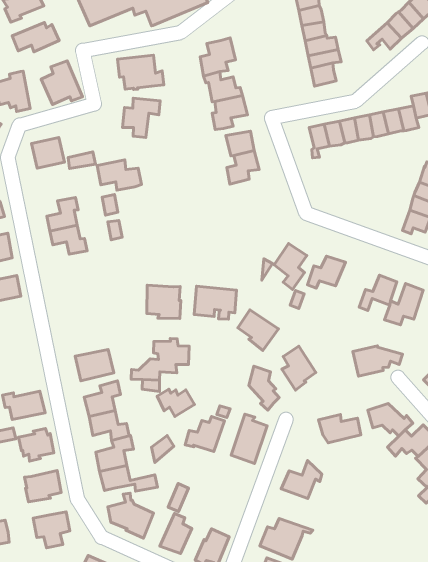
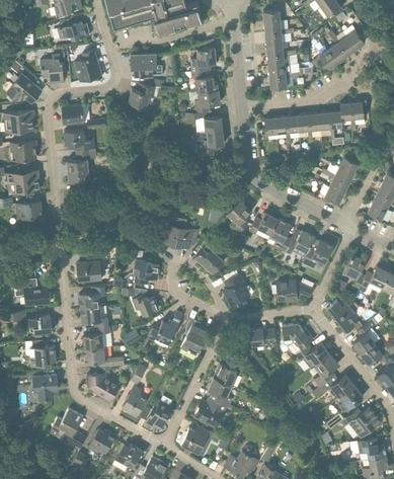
building: [97,160,142,190] -> [64,130,94,151]
building: none -> [268,219,291,252]
building: [147,285,181,318] -> none
building: [249,366,279,410] -> none
building: none -> [208,377,233,409]

